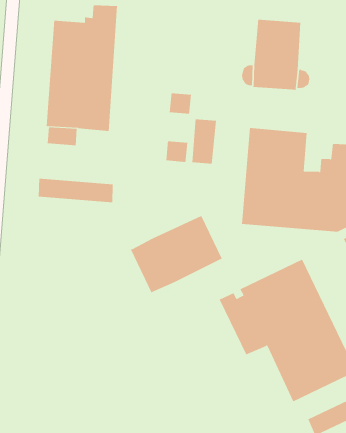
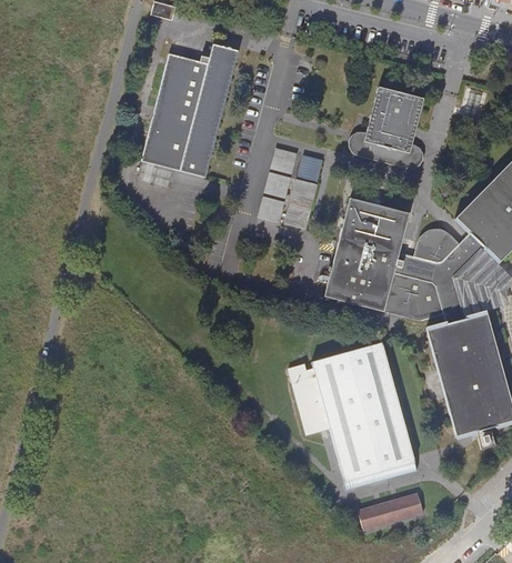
building: none -> [297,154,323,180]
building: none -> [264,172,290,198]
building: [38,178,113,203] -> none
building: [130,215,222,294] -> none

